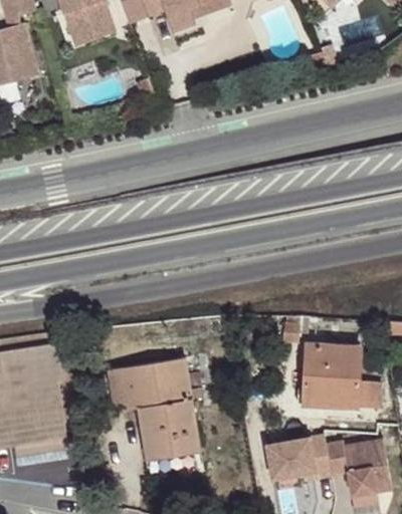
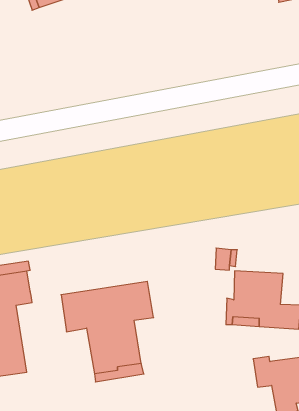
building: [268,435,332,480] -> none

